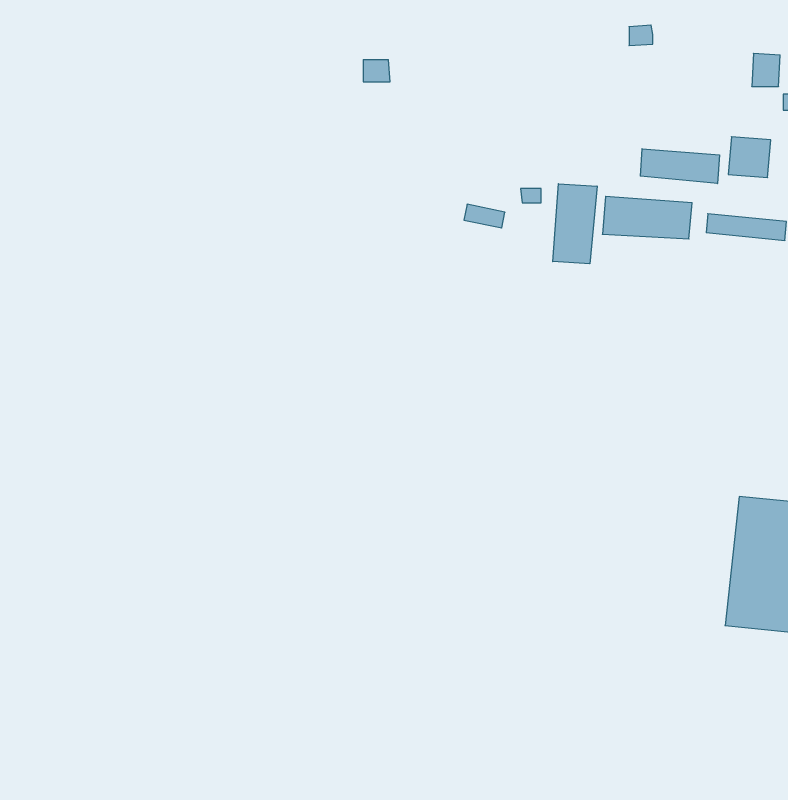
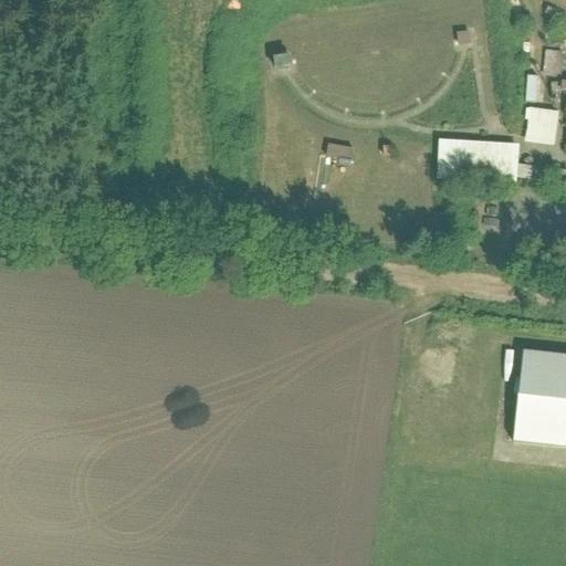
building: [640,149,719,184] -> none
building: [553,184,597,264] -> none

